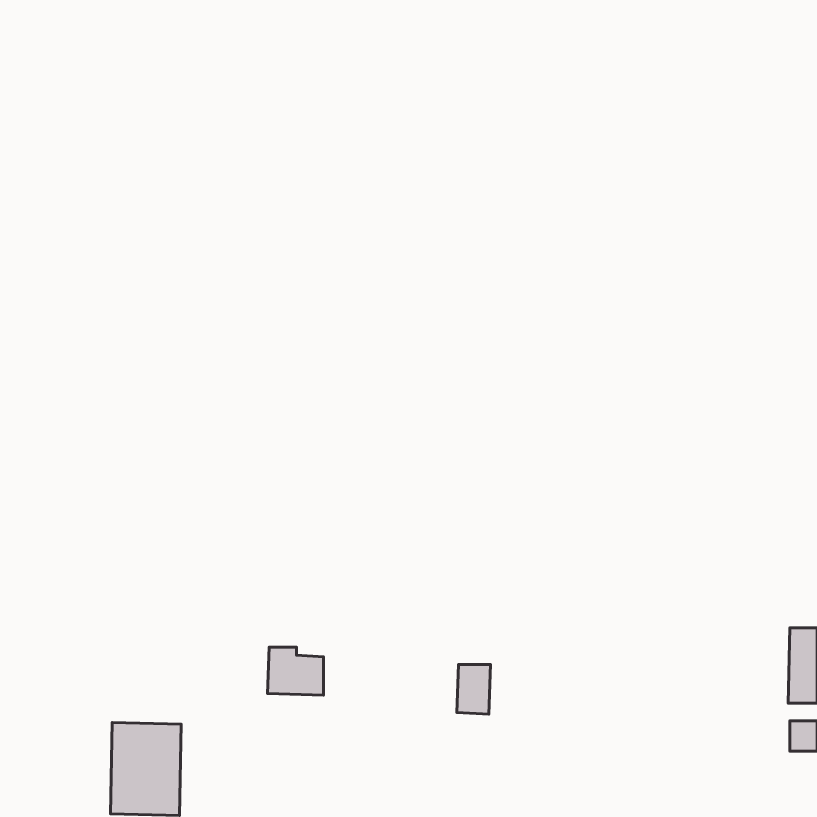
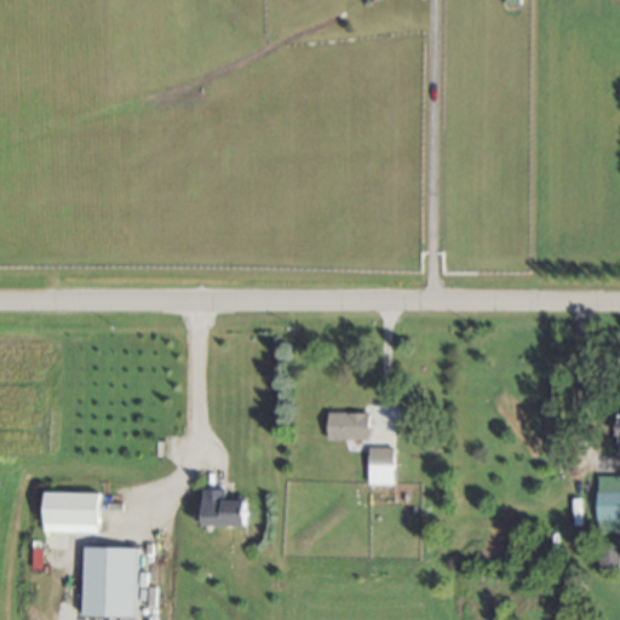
building: none -> [327,412,368,440]
building: none -> [45,492,98,533]
building: [457,664,491,714] -> [367,447,392,484]

